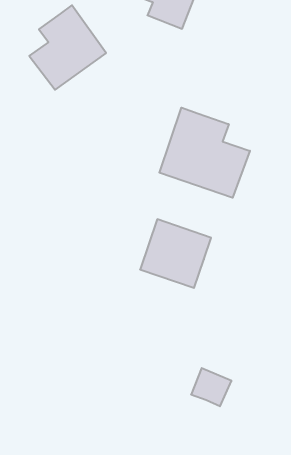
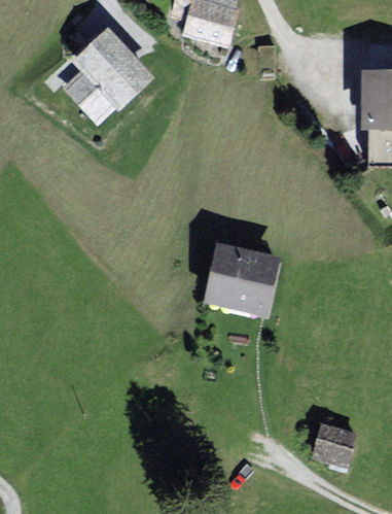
building: [159,108,250,198] -> none
building: [191,368,232,406] -> [314,425,355,464]

